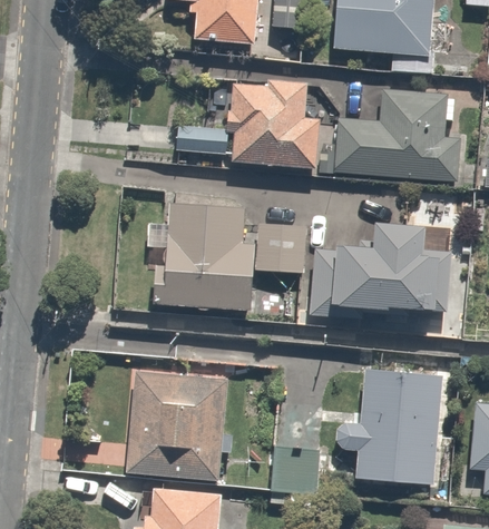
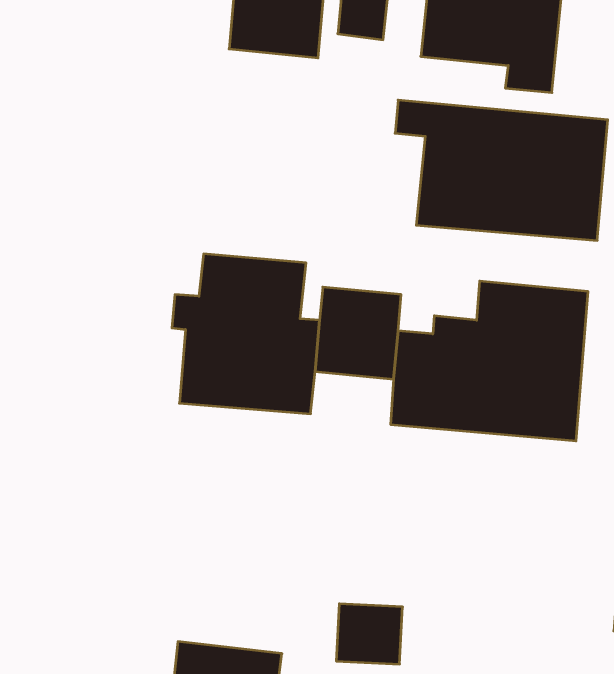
building: [173,72,334,173] -> none
building: [335,368,443,484] -> none
building: [124,371,231,488] -> none

